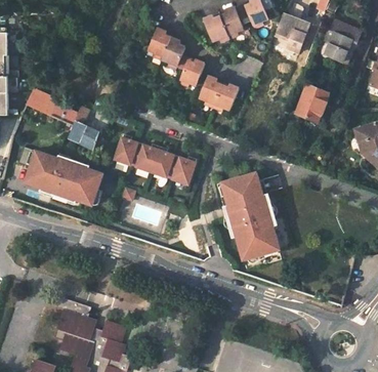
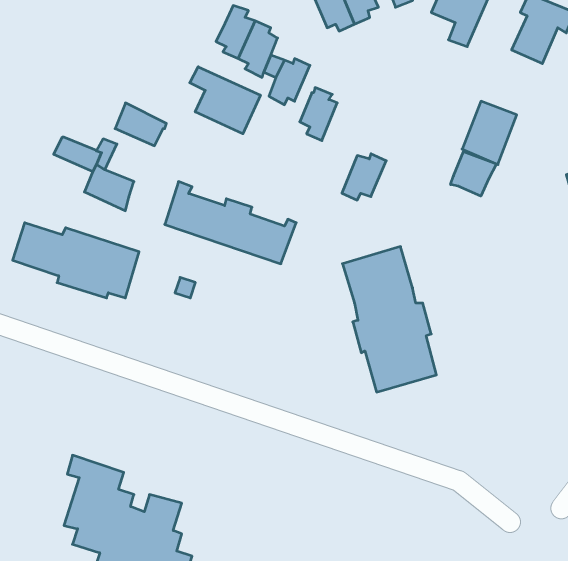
building: none -> [190,67,260,134]
building: [210,84,237,112] -> [342,154,386,200]
building: [26,90,56,116] -> [115,103,166,146]
building: none -> [451,152,497,196]

